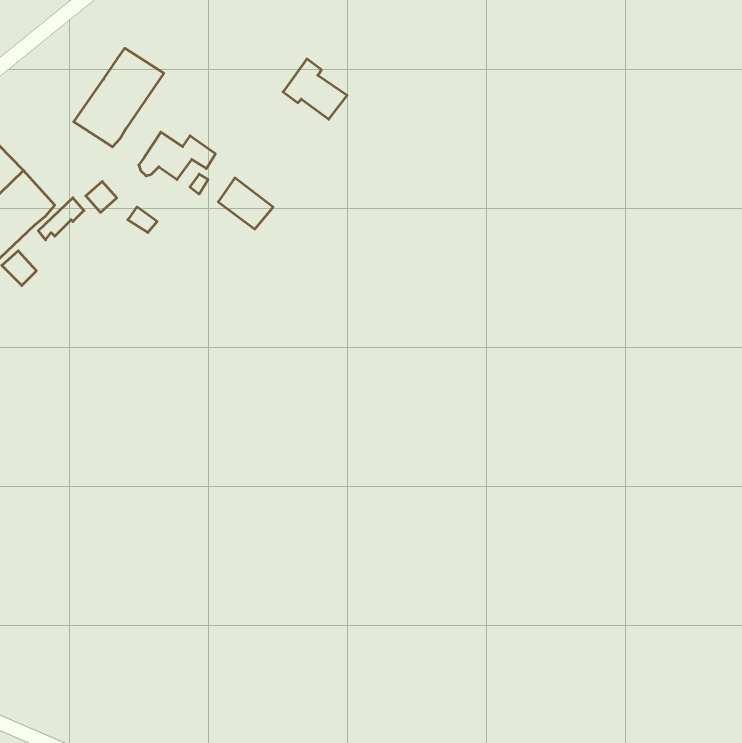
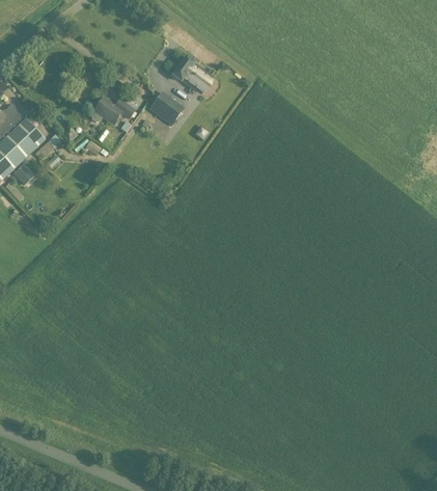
building: [74,48,164,147] -> none
building: [218,178,273,229] -> [151,94,182,124]

